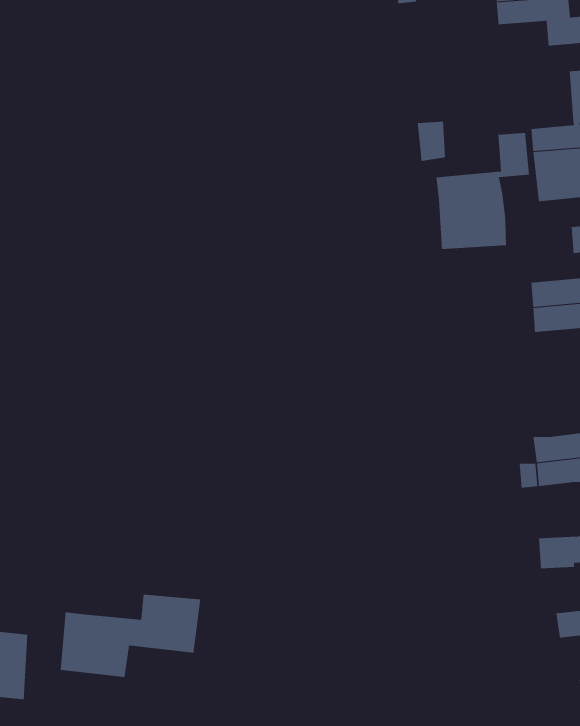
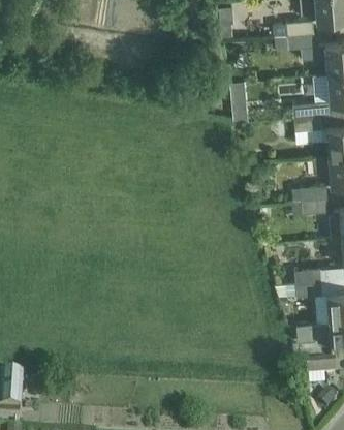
building: [436,132,530,250] -> none
building: [60,594,201,678] -> none

